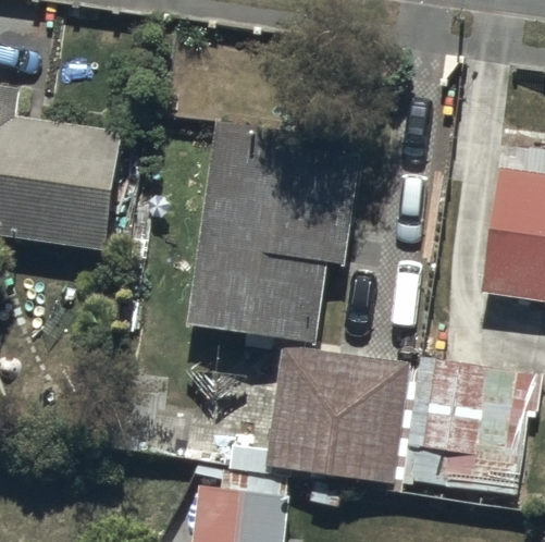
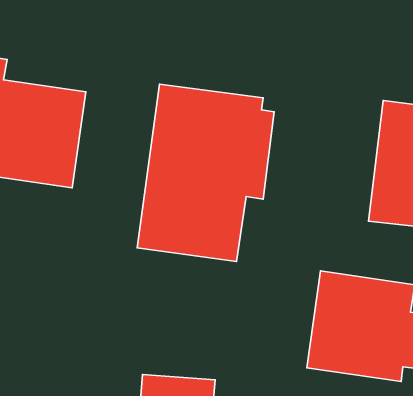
building: [265,346,409,481] -> none

